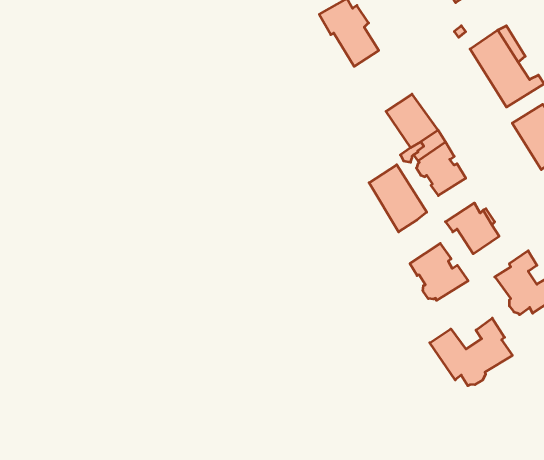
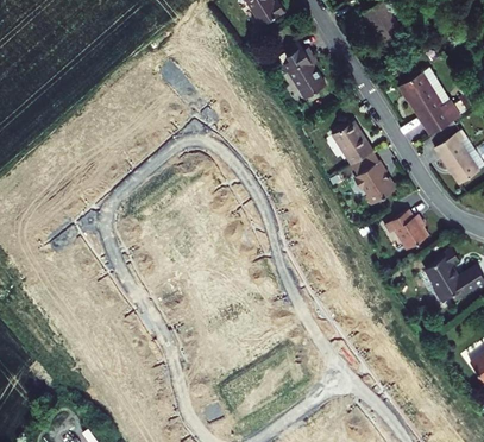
building: [369,165,427,232] -> none
building: [410,243,468,300] -> none
building: [430,318,512,386] -> none

